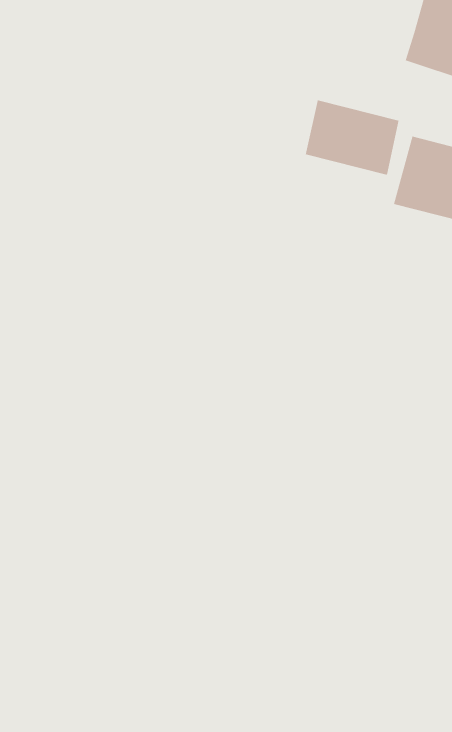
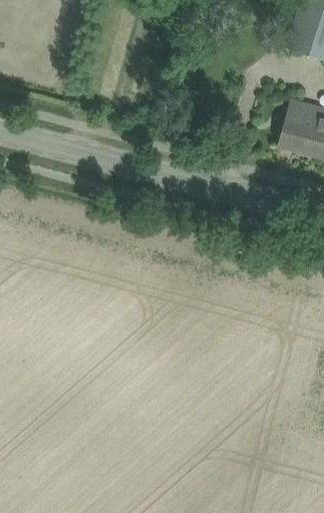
building: [305,99,399,176] -> none

